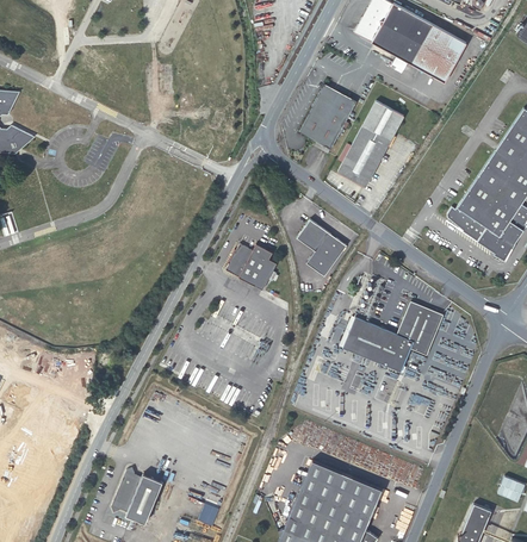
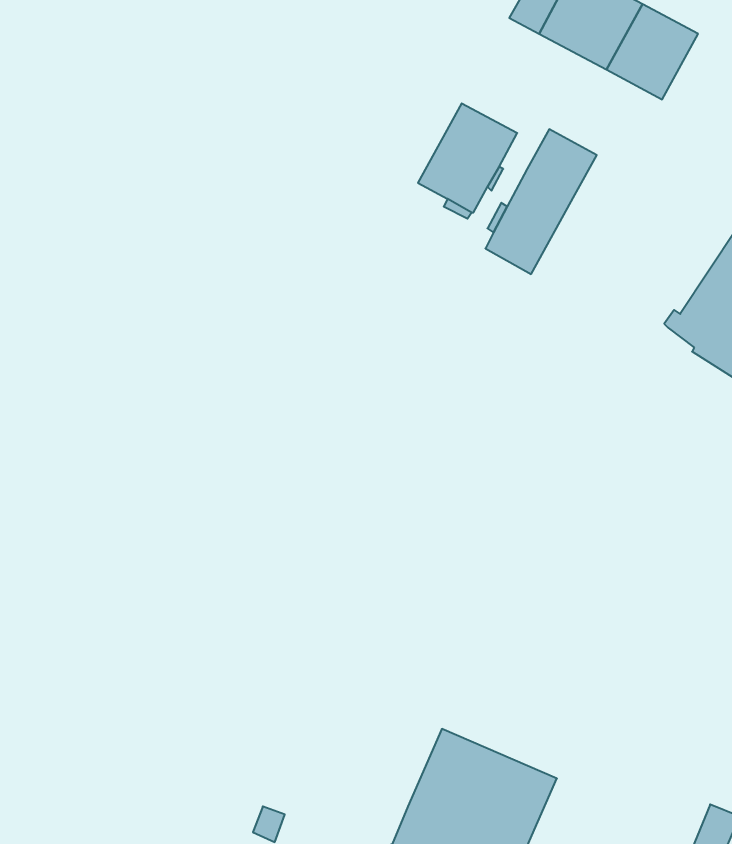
building: [296,219,346,276] -> none
building: [225,244,277,291] -> none
building: [343,303,442,370] -> none
building: [108,466,160,522] -> none

